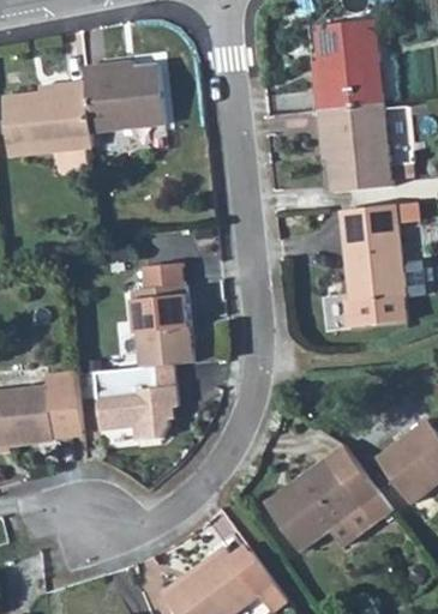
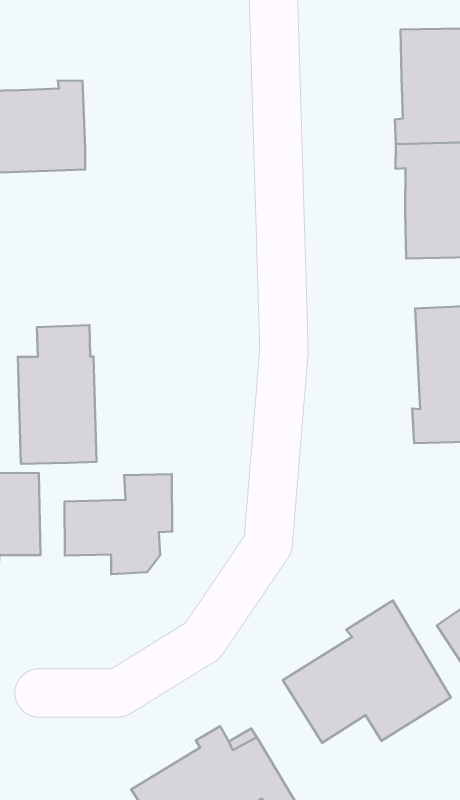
building: [83,64,164,131] -> none
building: [130,261,193,367] -> [18,325,96,464]

